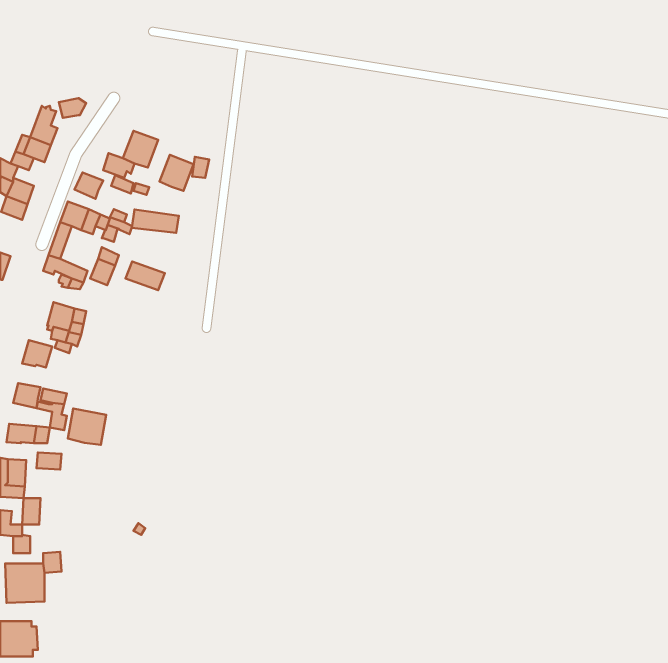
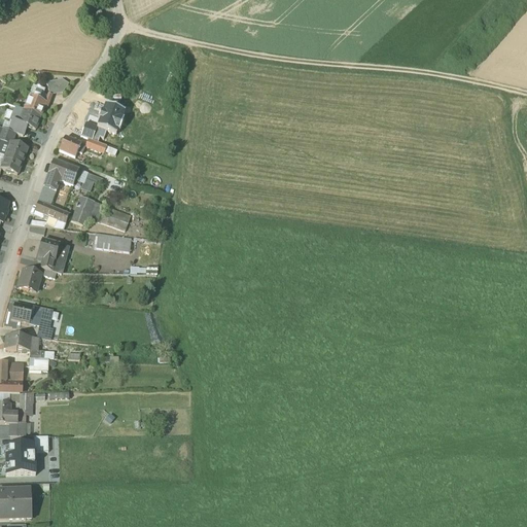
building: [160,155,194,191] -> none
building: [132,209,179,233] -> [94,233,131,251]
building: [68,409,106,445] -> none

